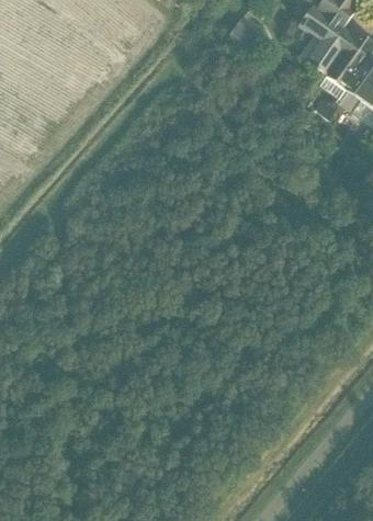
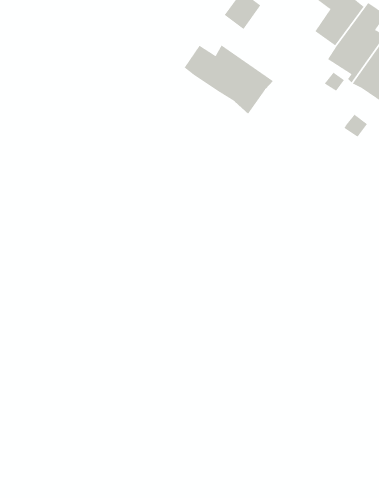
building: none -> [184,45,274,114]

